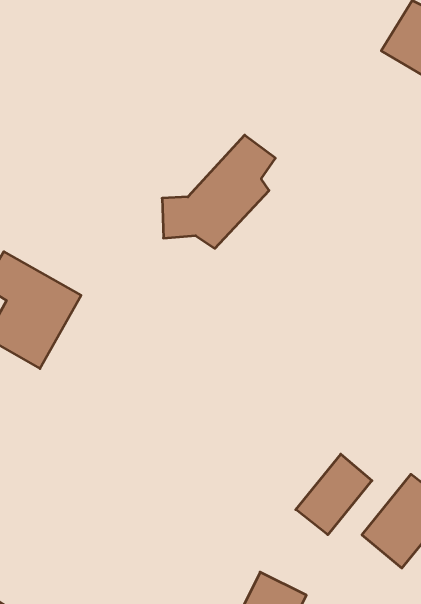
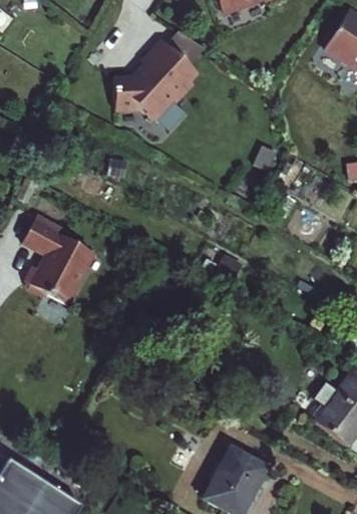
building: [162,135,275,248] -> [111,21,200,109]
building: [296,454,372,535] -> none

